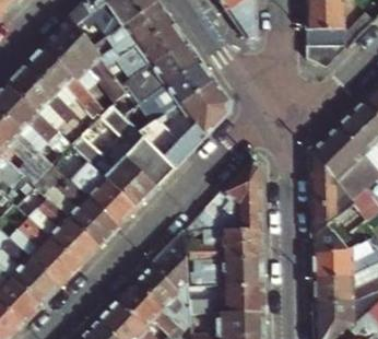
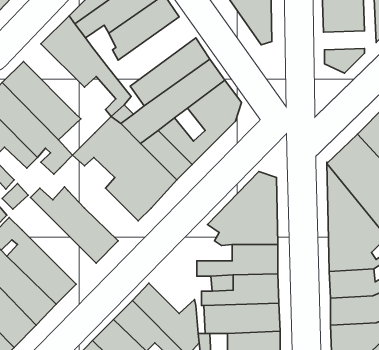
building: [111,17,188,82] -> none
building: [27,43,93,107] -> none
building: [69,160,134,226] -> none
building: [24,186,95,267] -> none
building: [144,211,212,294] -> none

